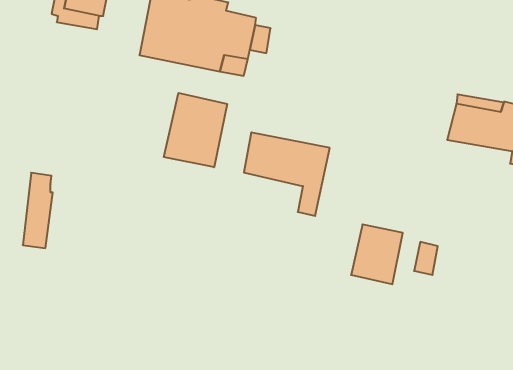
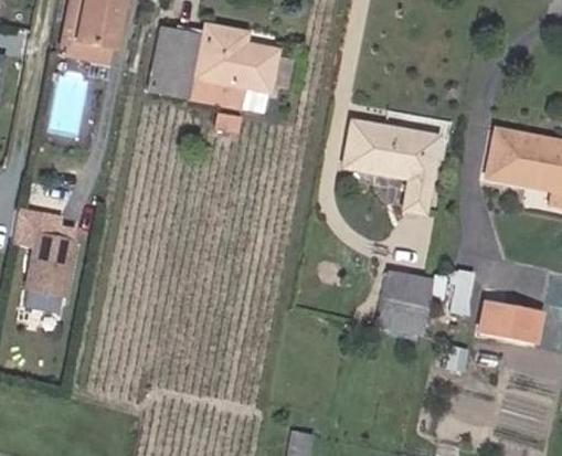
building: [164,93,227,167] -> none
building: [244,132,330,216] -> [346,120,437,210]
building: none -> [479,305,541,349]

